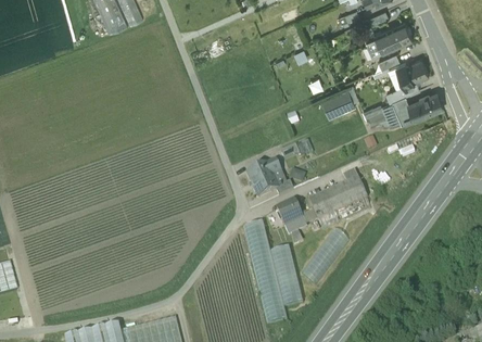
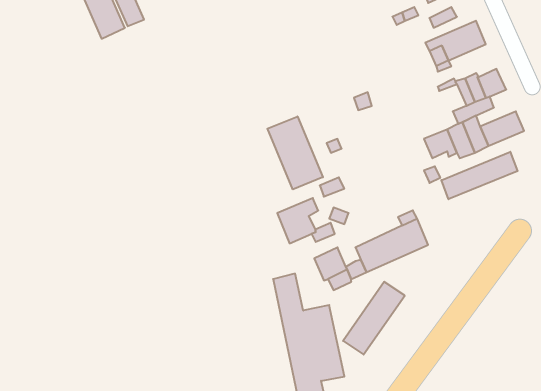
building: [321,90,354,118] -> none
building: none -> [267,116,323,189]
building: none -> [441,152,518,199]

